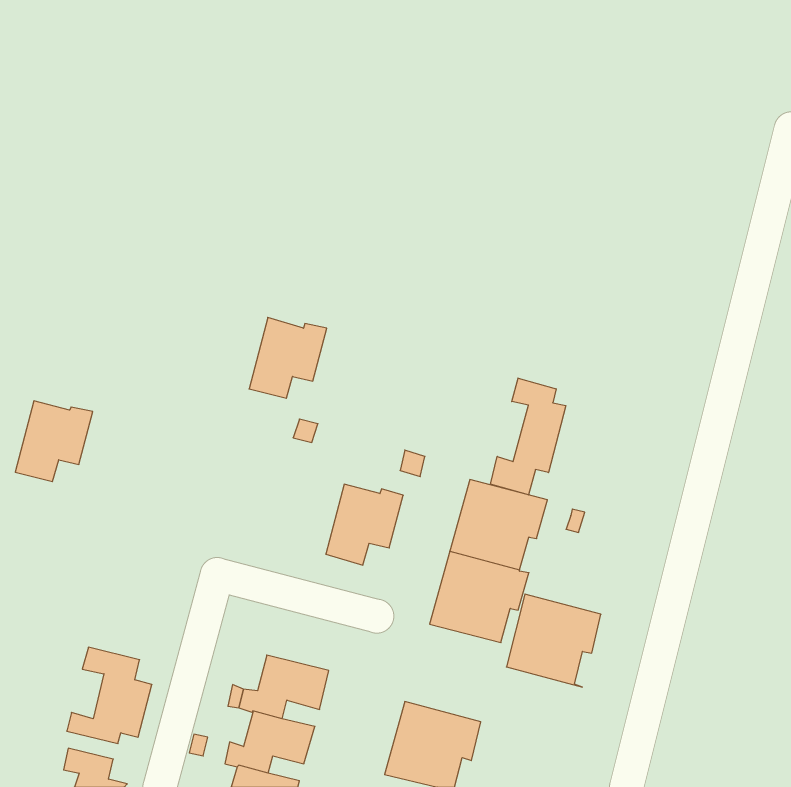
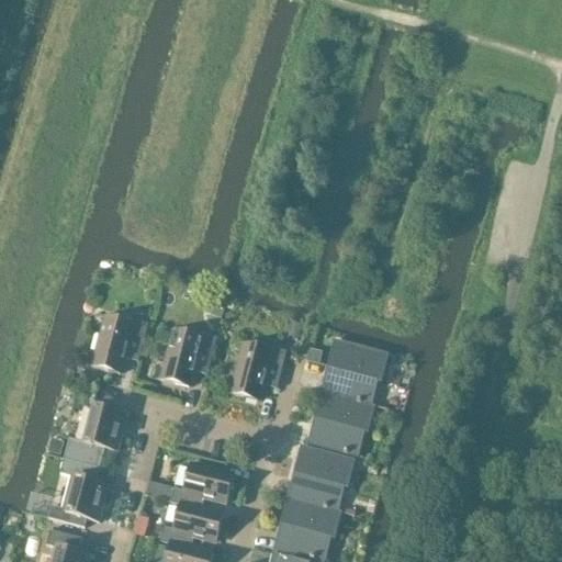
building: [249,317,327,398] -> [161,328,216,385]
building: [490,378,566,495] -> none
building: [15,401,93,482] -> [92,315,147,372]
building: none -> [63,405,126,467]
building: [506,594,601,687] -> [286,445,353,510]

